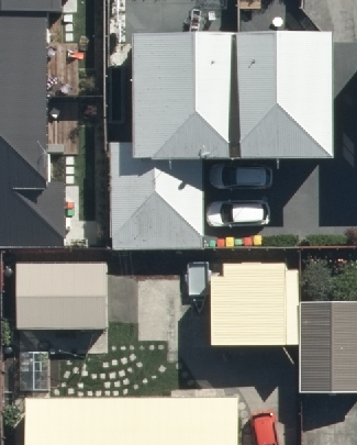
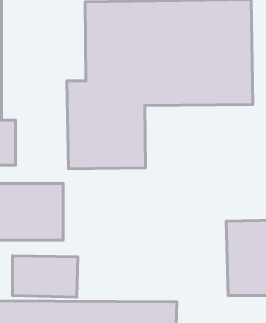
building: [205,258,295,346] -> none

